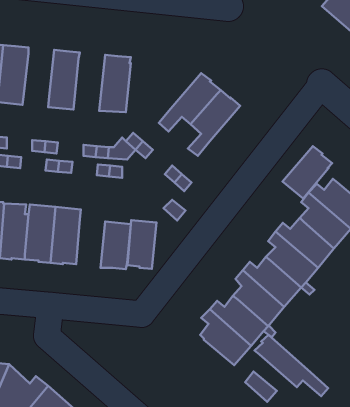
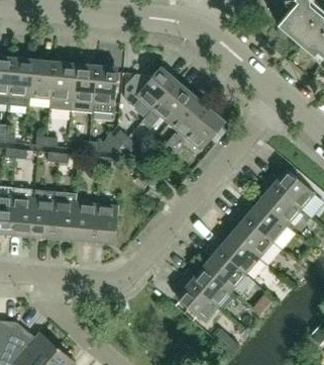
building: none -> [29,60,55,100]
building: none -> [71,64,97,113]
building: none -> [124,67,177,110]
building: [282,146,332,199] -> [184,108,225,152]
building: [127,220,157,269] -> [73,202,97,243]
building: [255,335,328,396] -> none

